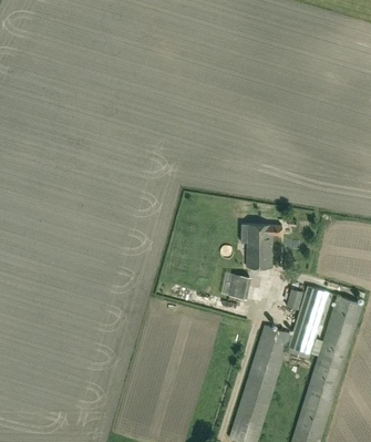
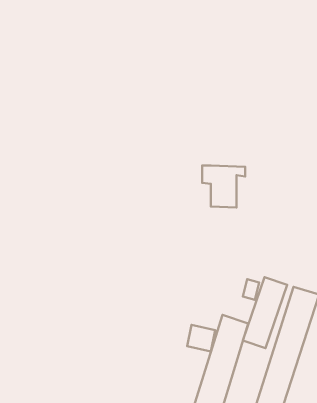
building: [239,224,284,267] -> [202,166,245,208]
building: [219,271,248,299] -> [187,325,215,352]

